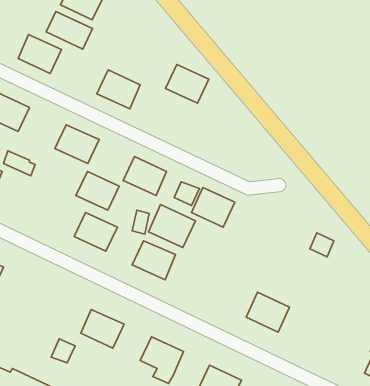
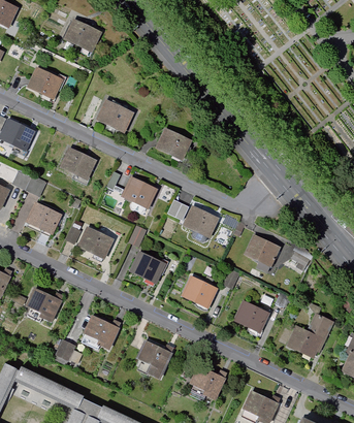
building: [46,12,93,49] -> none
building: [165,64,209,103] -> [155,126,194,161]
building: [76,171,119,210] -> [24,200,63,235]
building: [148,204,196,247] -> none
building: none -> [244,233,283,268]
building: none -> [181,275,220,311]
building: none -> [24,287,63,322]
building: none -> [283,314,329,359]

